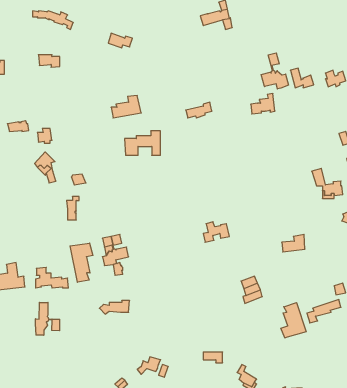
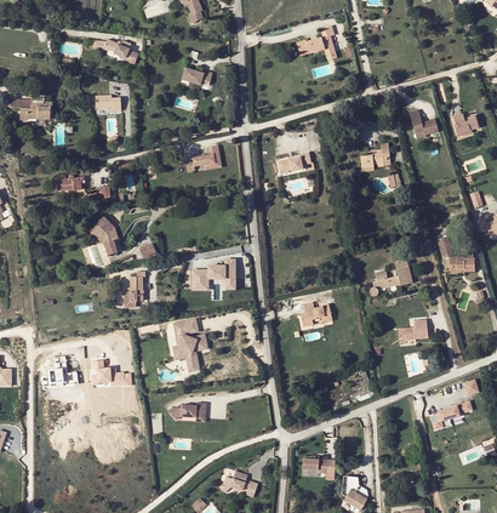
building: [261,53,288,89] -> none
building: [125,131,160,155] -> [192,258,236,289]
building: none -> [370,261,412,295]
building: [70,243,93,282] -> none
building: [35,302,60,335] -> none
building: [281,303,306,338] -> none

